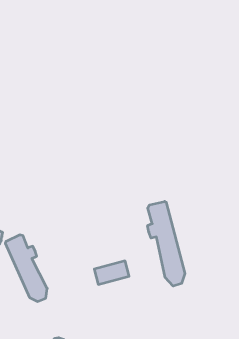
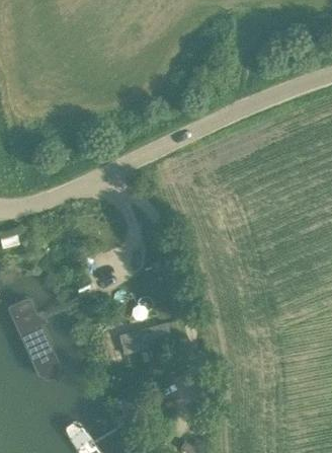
building: [148,201,185,286] -> none

